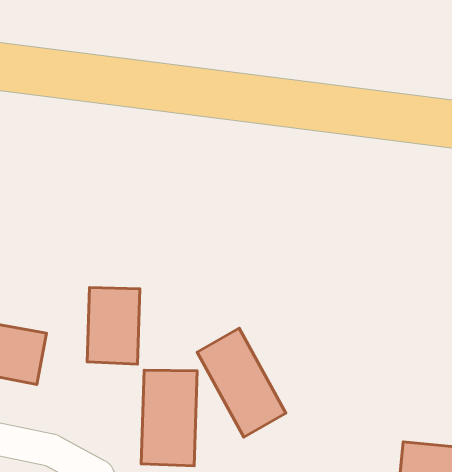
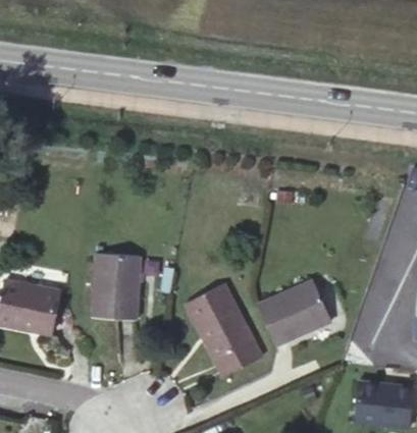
building: none -> [256,279,330,344]
building: [141,370,197,466] -> none

